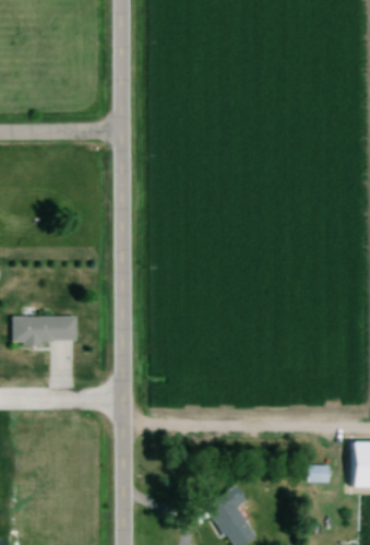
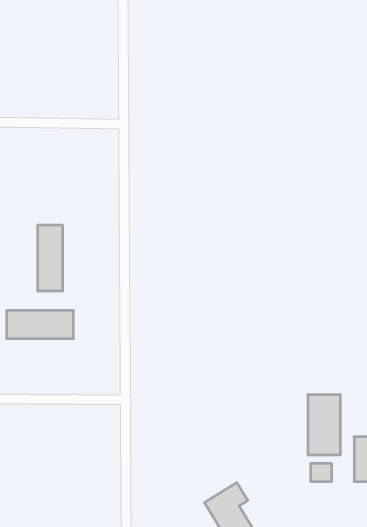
building: none -> [38,225,62,291]
building: none -> [308,394,340,455]

